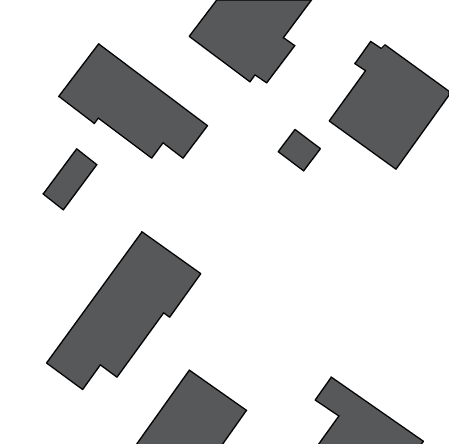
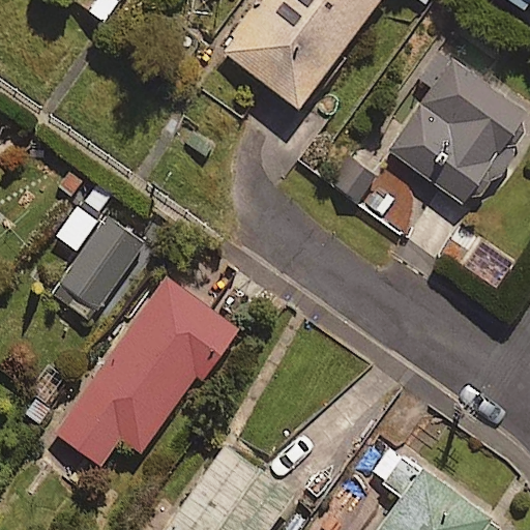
building: [59,44,207,158] -> none
building: none -> [52,217,145,322]

